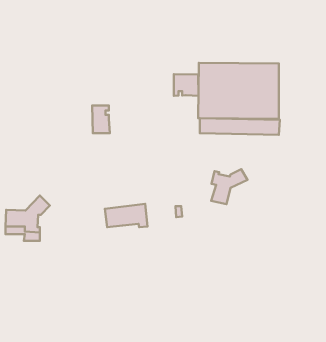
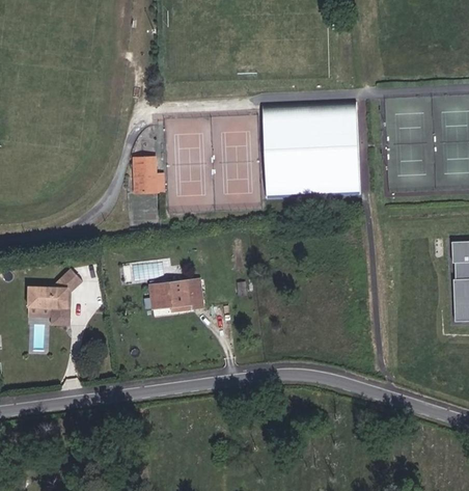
building: [174,74,198,96] -> none
building: [211,169,248,204] -> none

